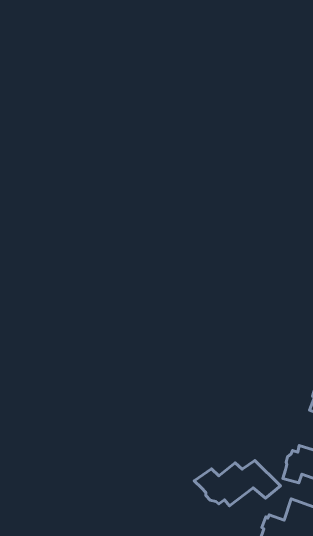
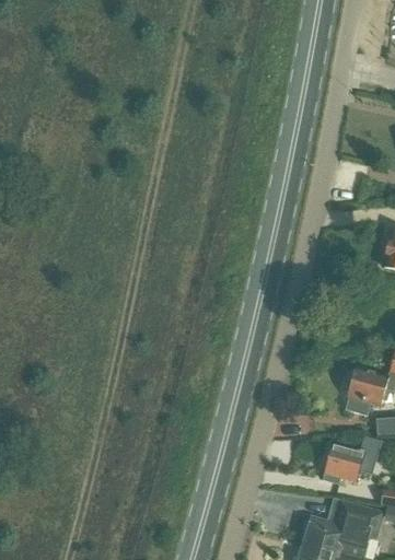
building: [194,460,281,506] -> none

